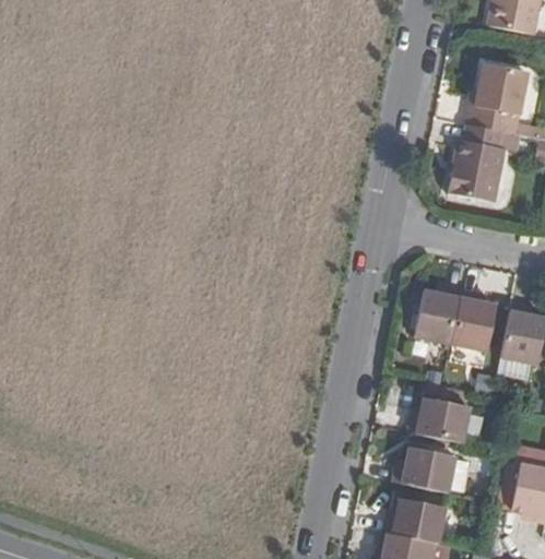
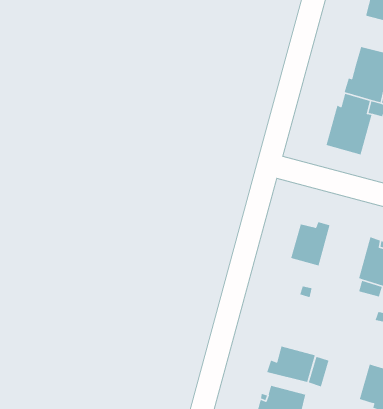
building: [451,290,497,352] -> none
building: [408,396,470,442] -> none

